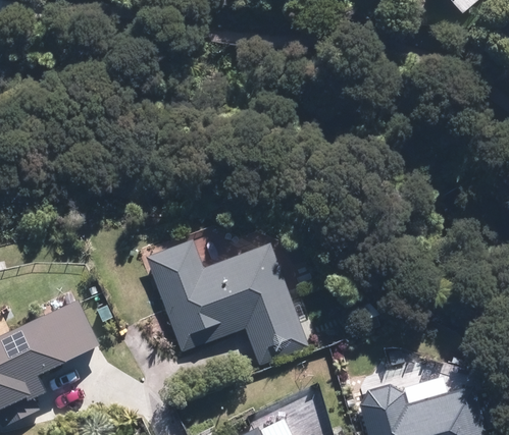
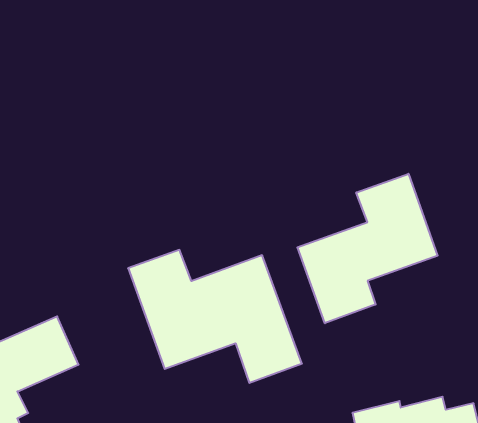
building: none -> [297,174,438,323]

